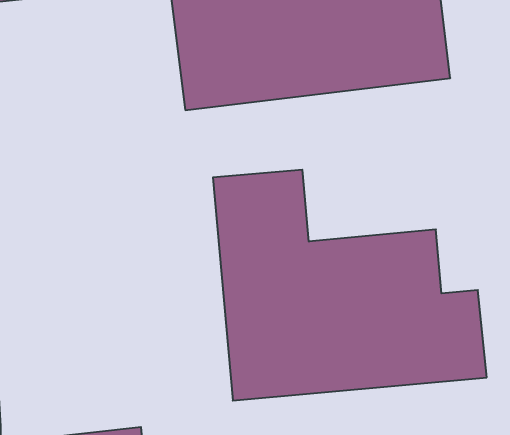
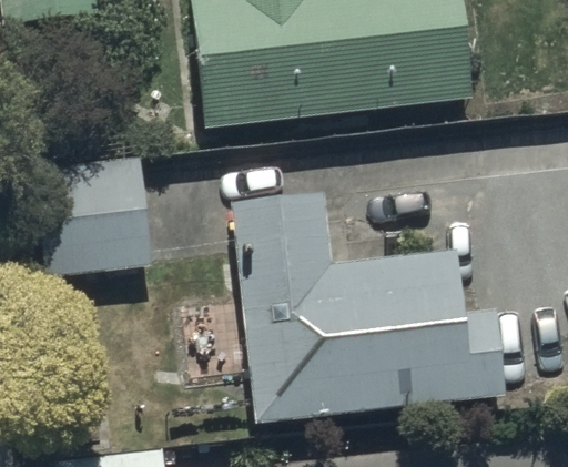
building: none -> [32,156,153,276]

